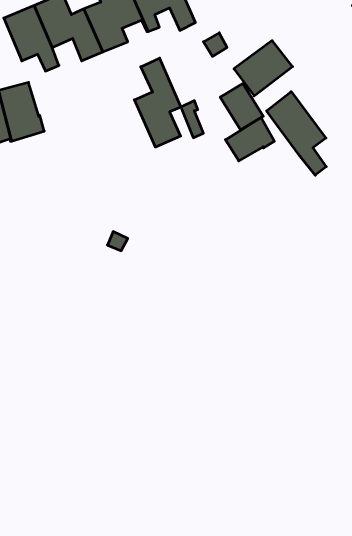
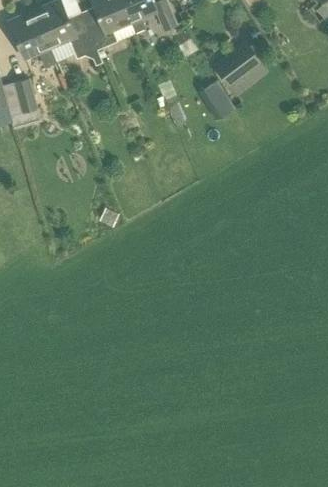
building: [134,58,181,147] -> none
building: [267,92,326,175] -> none
building: [225,118,274,161] -> none

